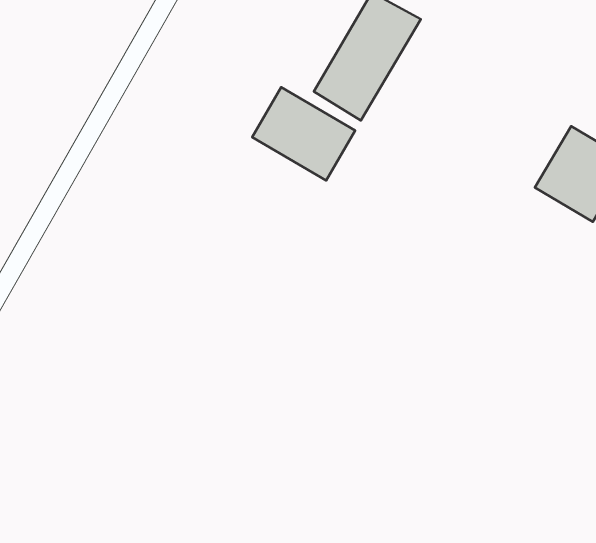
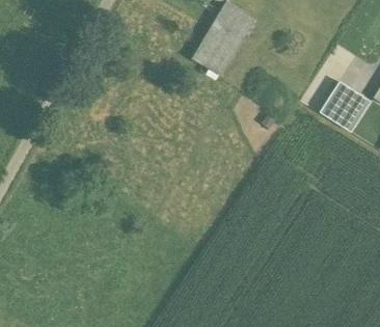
building: [252,87,355,181] -> none

